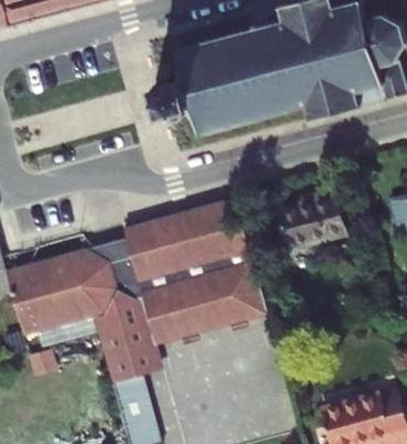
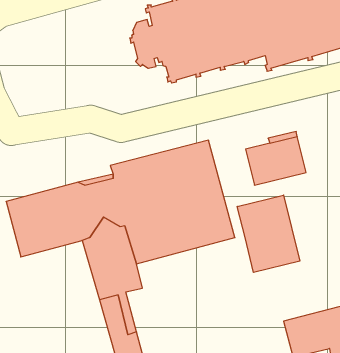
building: none -> [237,195,300,272]

